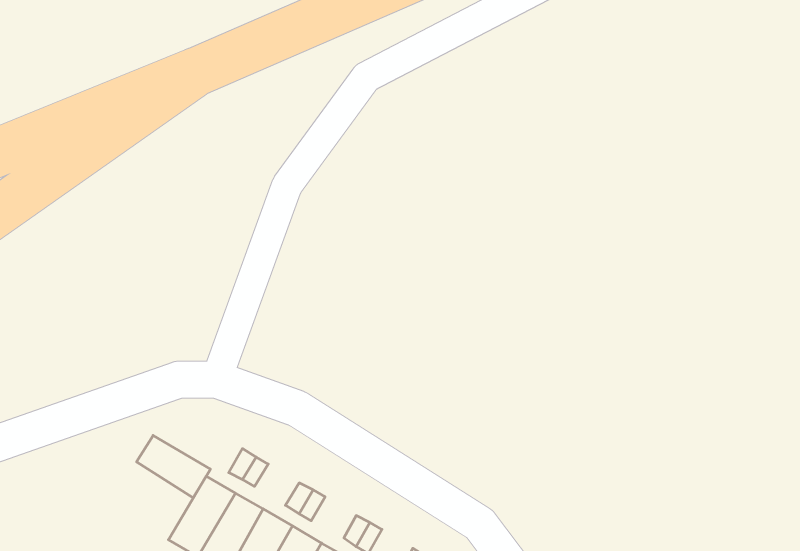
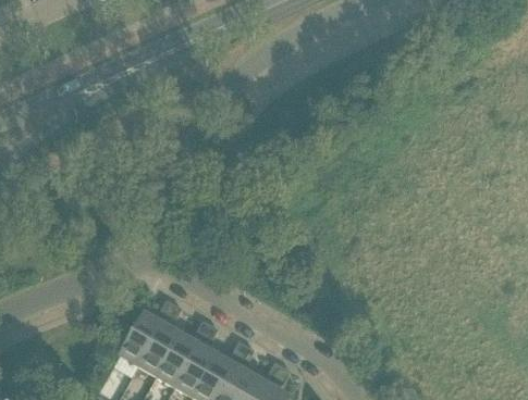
building: [137,435,210,498] -> none

